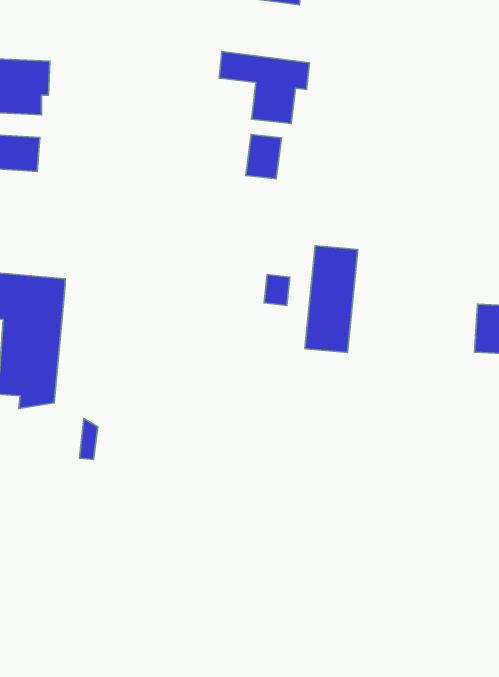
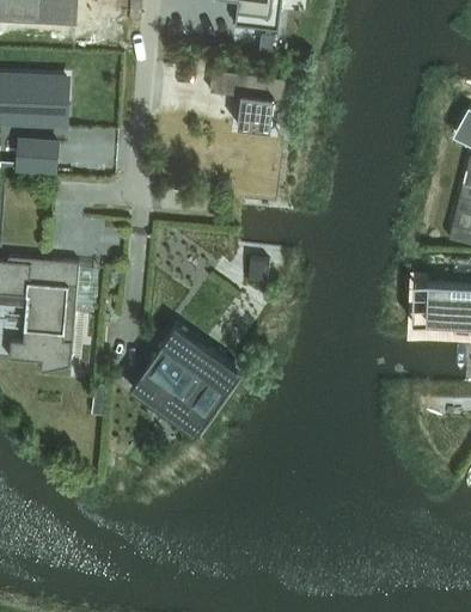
building: [246,135,281,179] -> none
building: [305,246,358,352] -> none
building: none -> [130,326,240,439]

